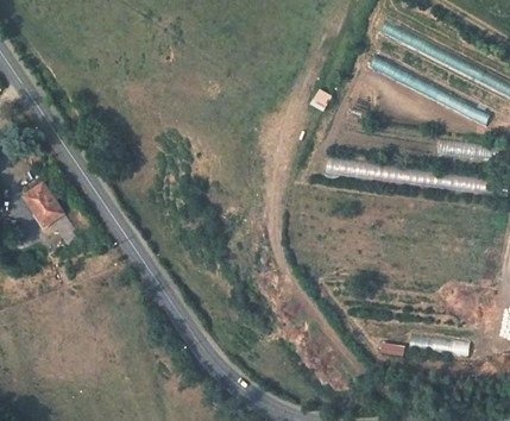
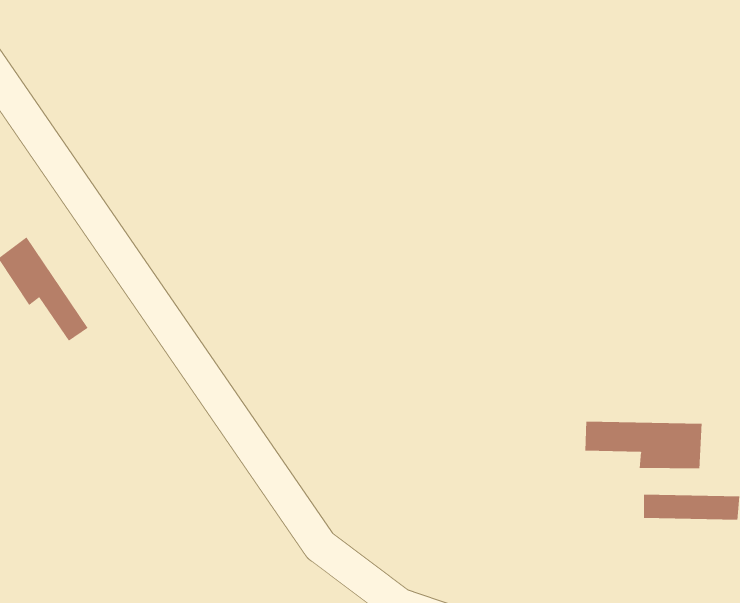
building: none -> [585,421,702,469]

